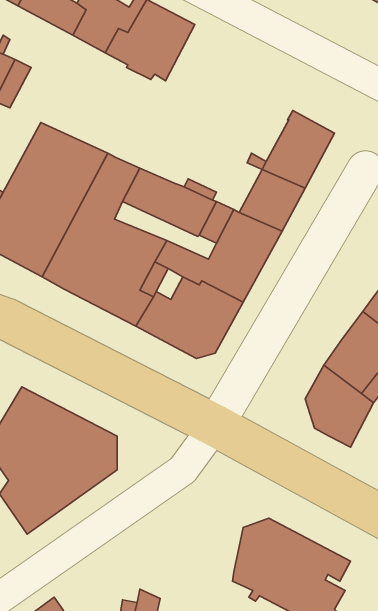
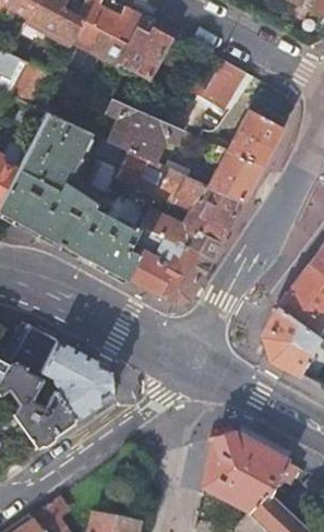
building: none -> [189,69,239,108]
building: none -> [77,86,184,161]

